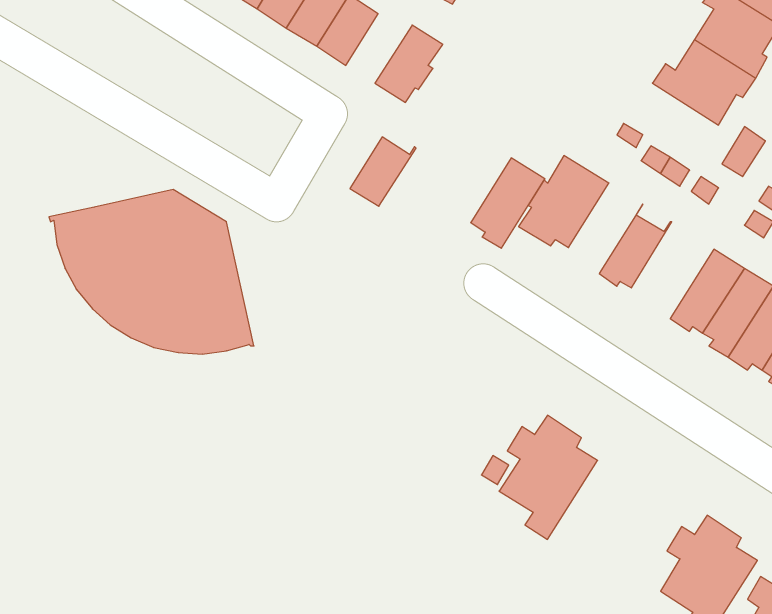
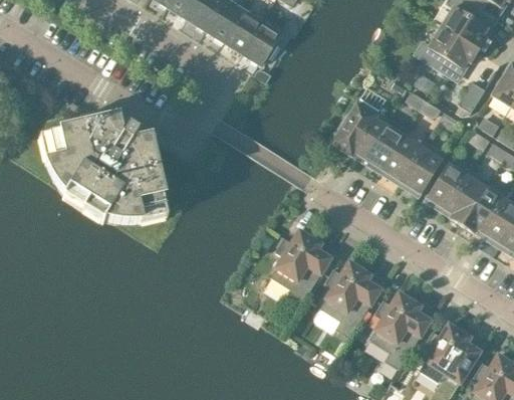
building: [350,137,416,206] -> [224,10,265,53]
building: [471,158,545,248] -> [362,116,409,172]
building: none -> [402,140,446,196]
building: none -> [270,229,330,307]
building: none -> [369,291,430,369]

